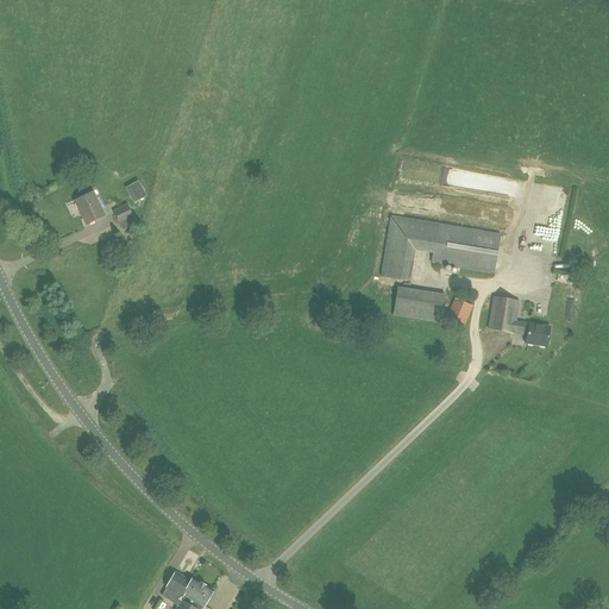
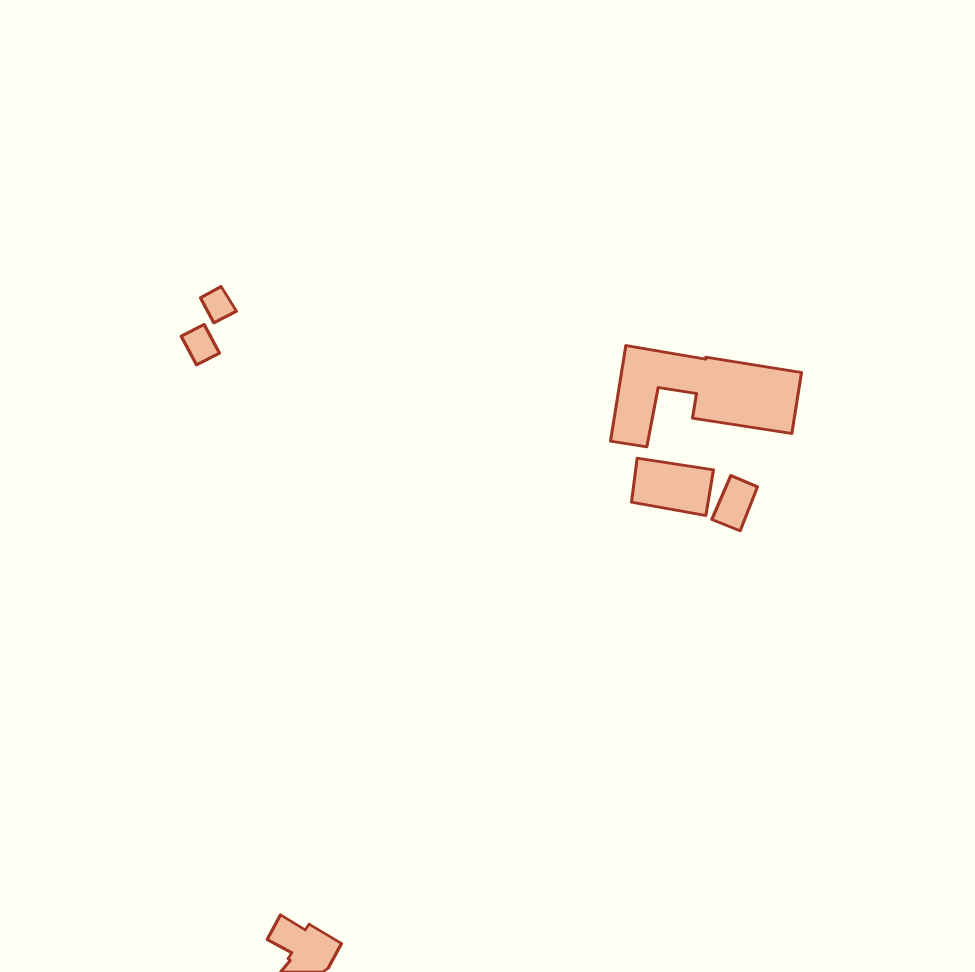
building: [75,189,105,222] -> none
building: [489,295,550,345] -> none

